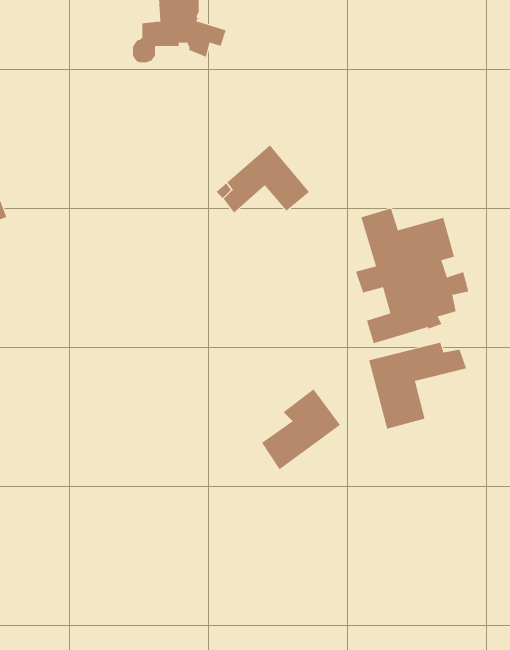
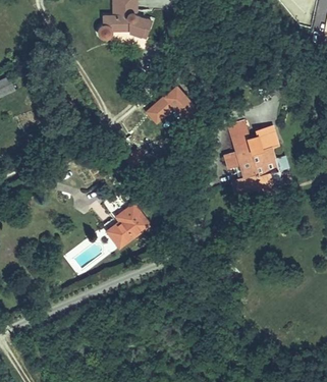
building: [368,342,467,429] -> none
building: [261,389,341,470] -> [106,202,151,248]

